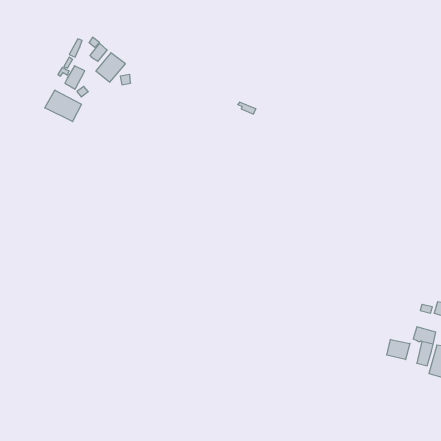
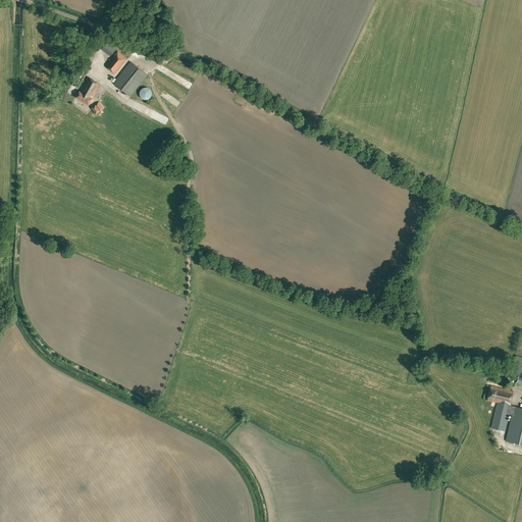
building: [45,90,81,122] -> none
building: [387,339,410,360] -> none

